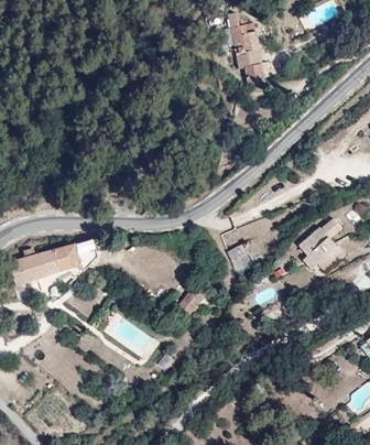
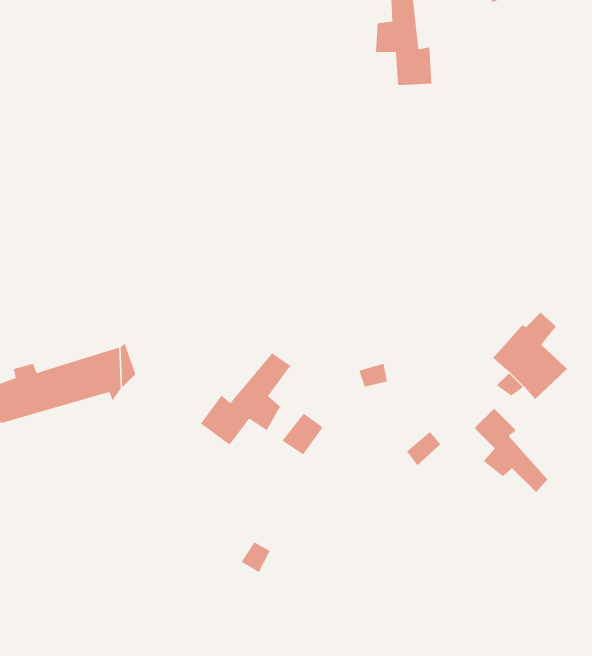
building: none -> [200,353,291,445]
building: none -> [475,408,548,493]

